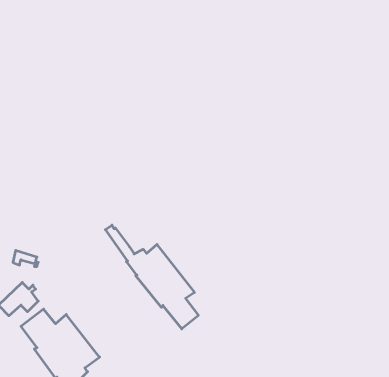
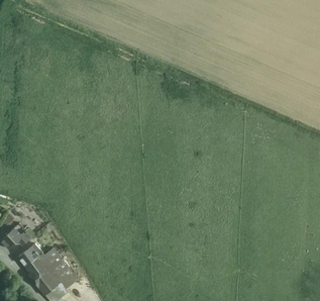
building: [105,225,198,329] -> none

